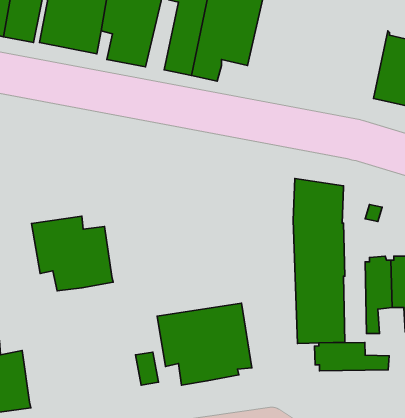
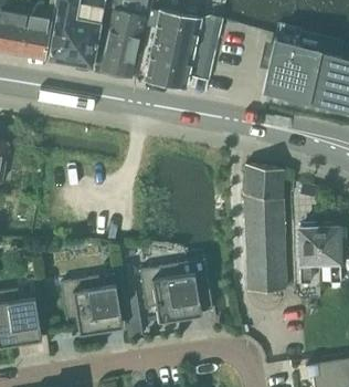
building: none -> [262,40,318,103]
building: [31,216,113,291] -> [60,278,123,335]
building: [315,343,389,371] -> none

